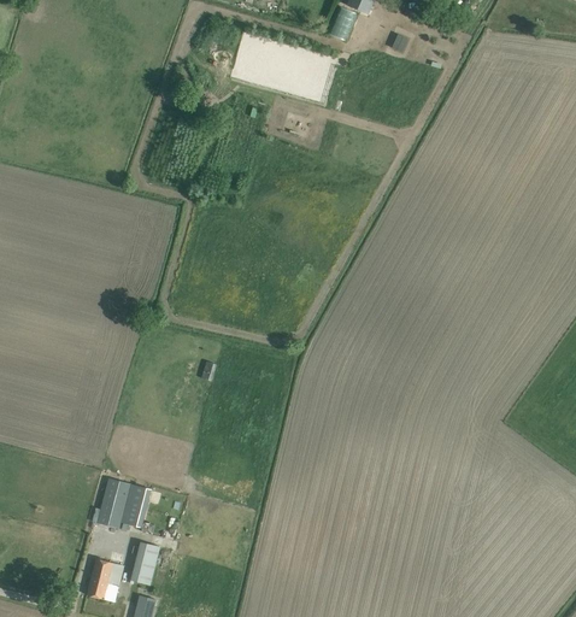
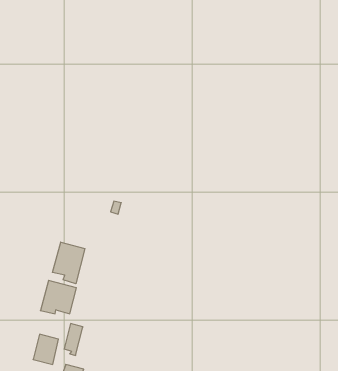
building: none -> [52,242,85,284]

